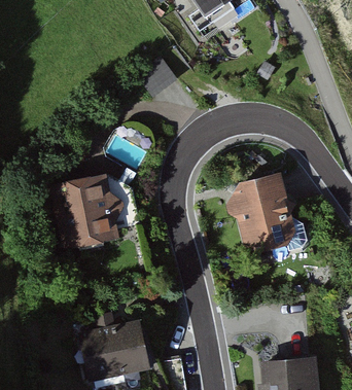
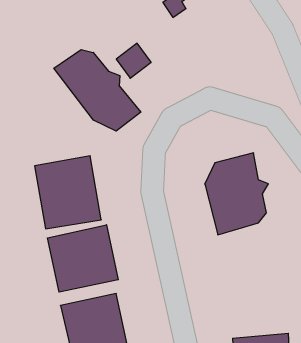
building: none -> [54,50,141,131]
building: none -> [48,225,118,292]

